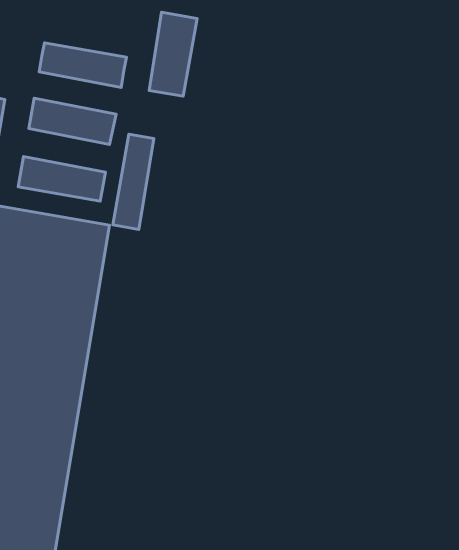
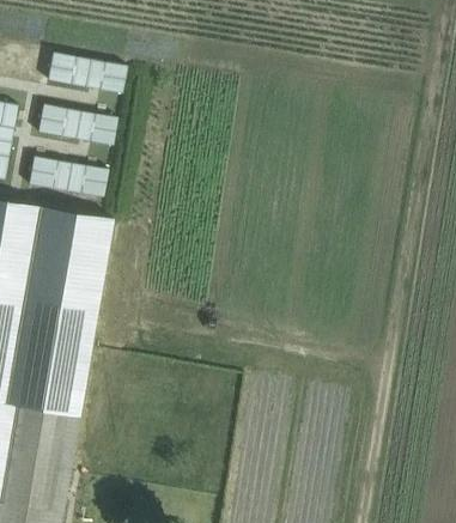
building: [149,12,197,96] -> none
building: [113,134,154,229] -> none

